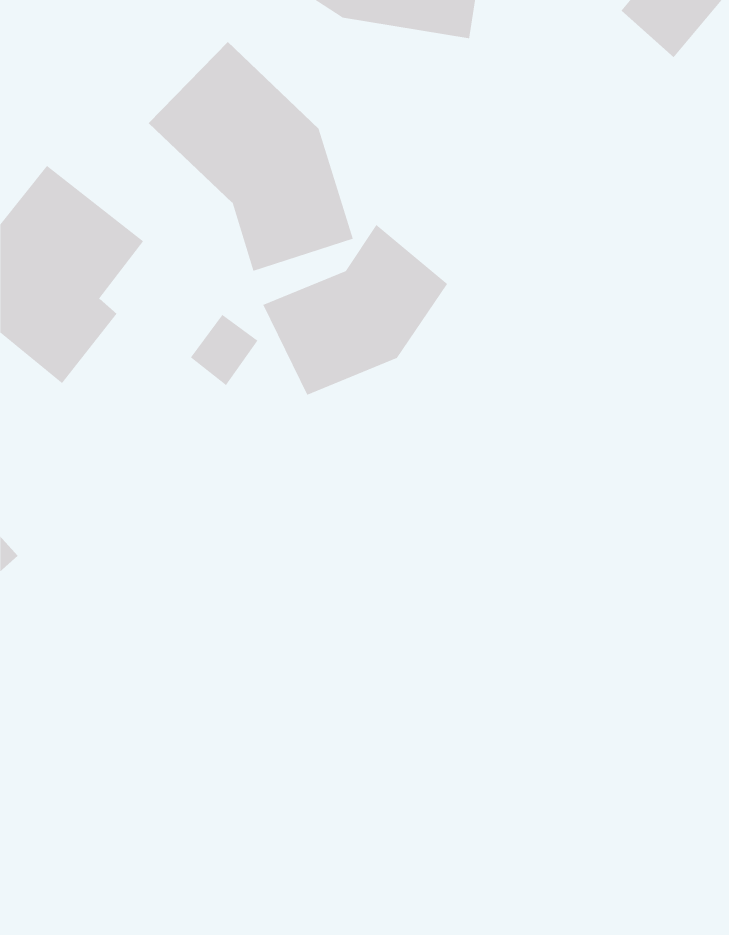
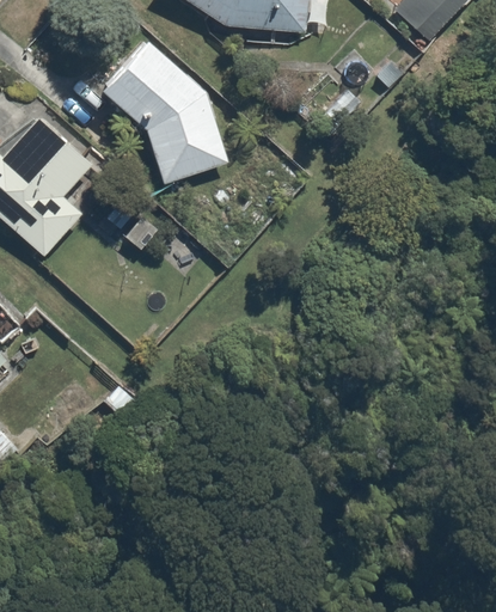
building: [262,224,448,396] -> none

